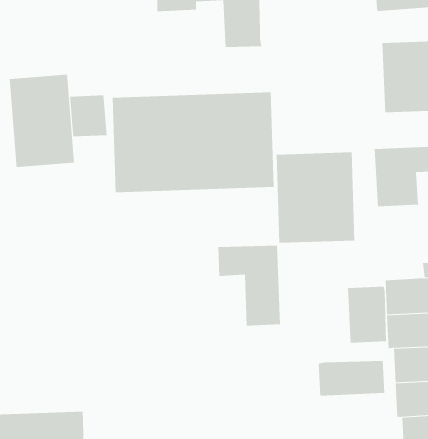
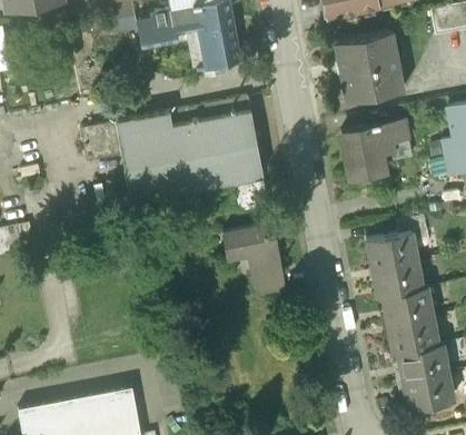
building: [9,74,74,168] -> none
building: [276,152,355,244] -> none
building: [348,286,386,343] -> none
building: [318,360,385,397] -> none

